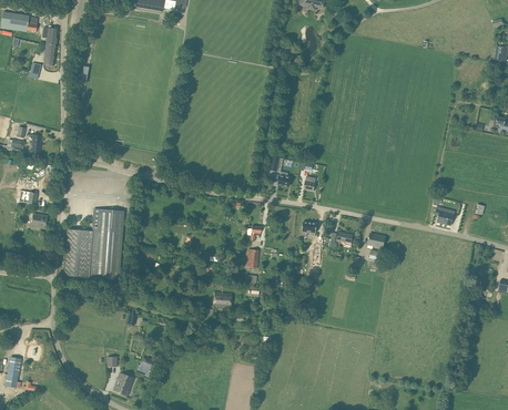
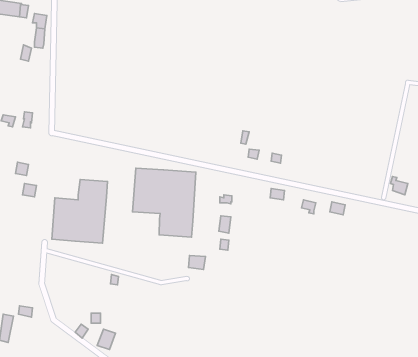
building: none -> [133,168,196,237]

